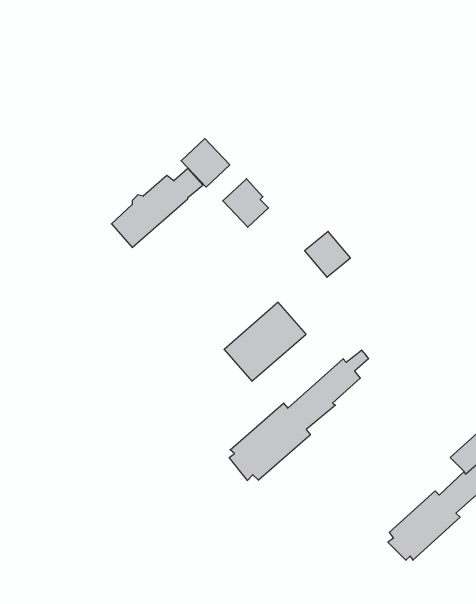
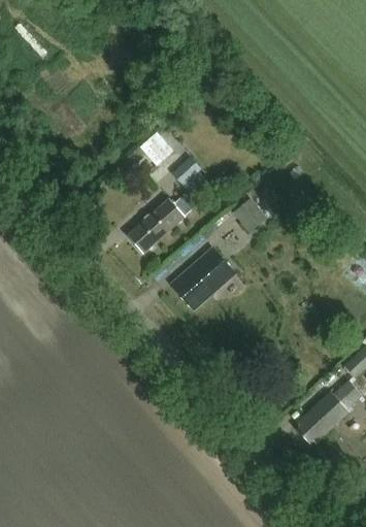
building: [111,168,203,248] -> [128,193,196,252]
building: [229,350,369,480] -> none

